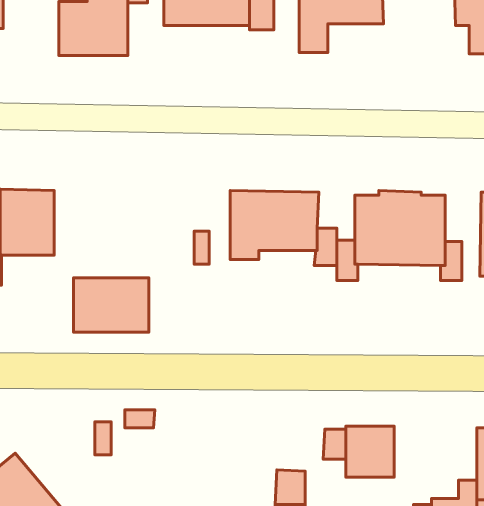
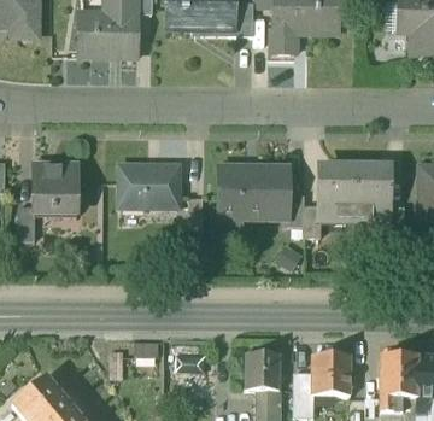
building: [74,278,149,332] -> [119,164,180,207]
building: none -> [245,352,280,390]
building: none -> [380,353,416,411]

